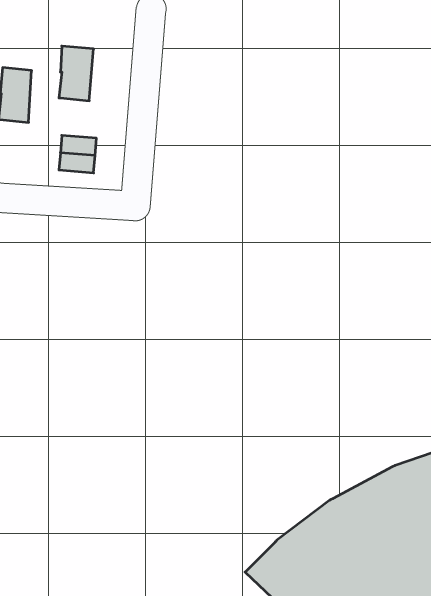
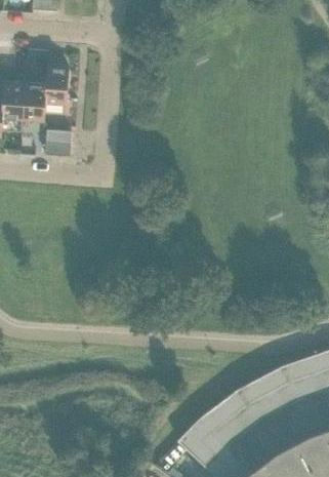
building: none -> [23,84,46,122]

